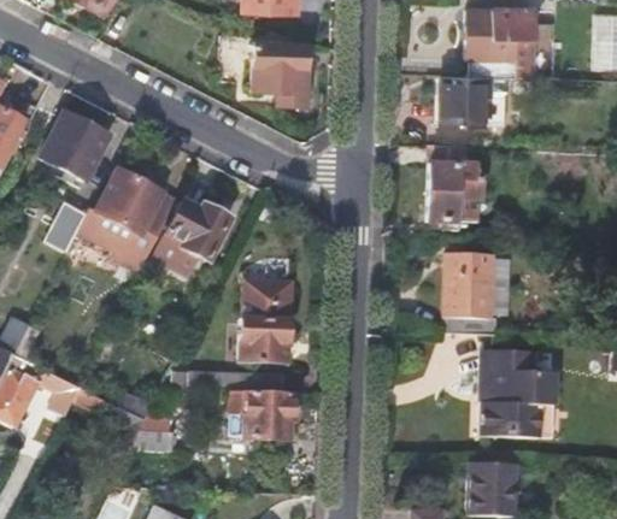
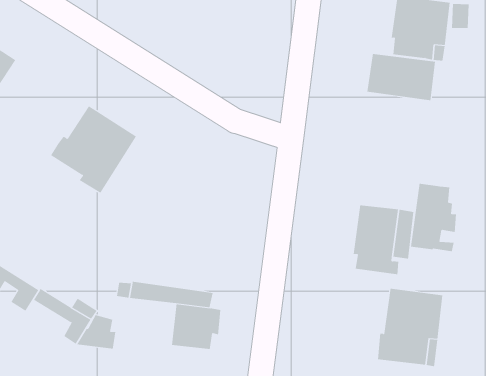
building: [246,43,304,108] -> none
building: [39,112,110,183] -> none
building: [430,143,482,220] -> [410,183,457,252]
building: [164,200,230,265] -> none
building: [42,204,86,256] -> none
building: [236,282,286,365] -> none

